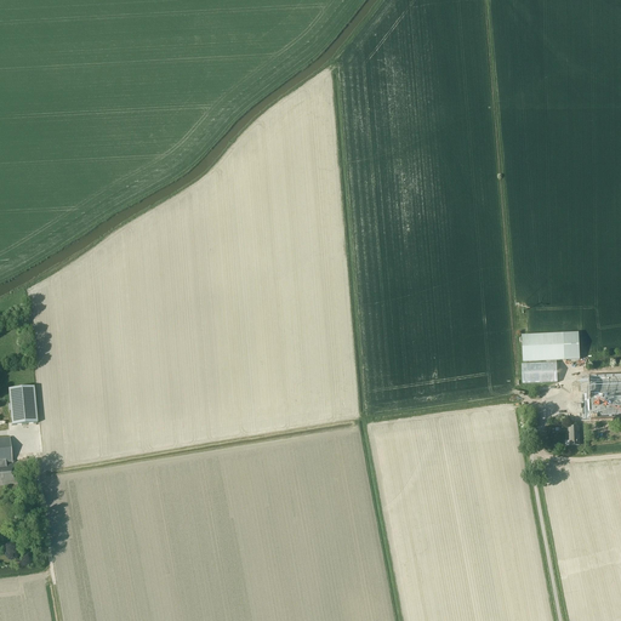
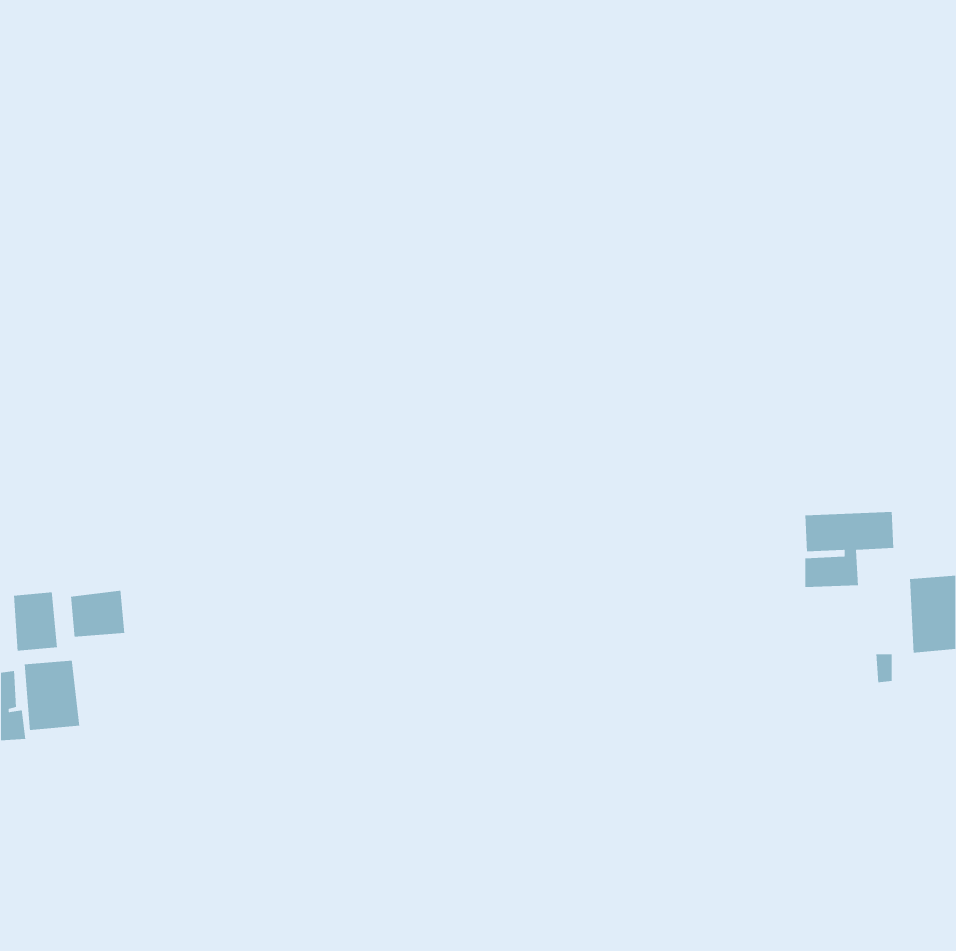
building: none -> [70,590,125,638]
building: none -> [24,660,80,731]

